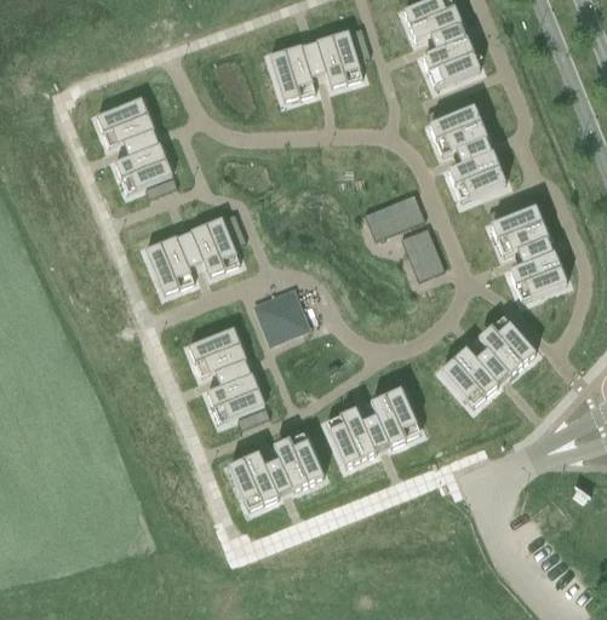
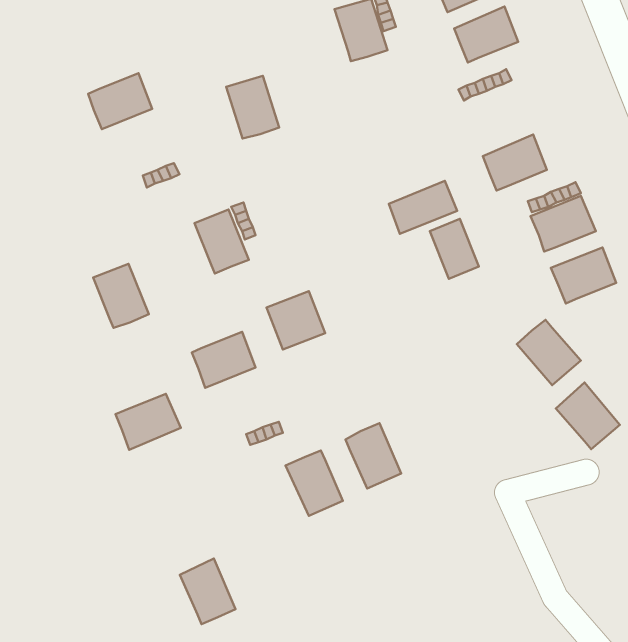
building: [269,46,316,102] -> [226,76,279,138]
building: [429,108,487,156] -> none
building: [115,144,172,194] -> none
building: [145,237,195,294] -> [93,264,149,328]
building: [441,349,498,408] -> [556,383,620,449]
building: [207,374,265,424] -> [115,394,181,450]
building: [371,390,420,448] -> none
building: [229,453,279,511] -> [180,559,236,624]

